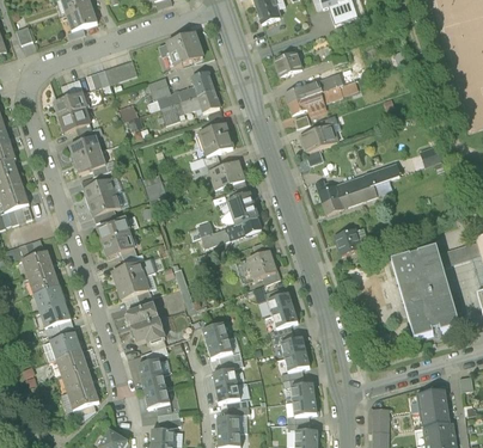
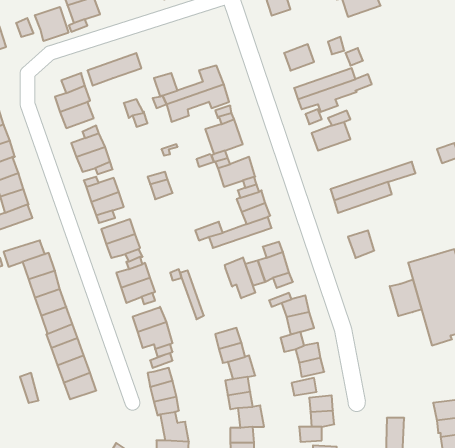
building: none -> [35,7,68,41]
building: [158,33,203,66] -> none
building: none -> [225,257,255,298]
building: none -> [390,279,421,316]
building: [68,382,99,409] -> none

